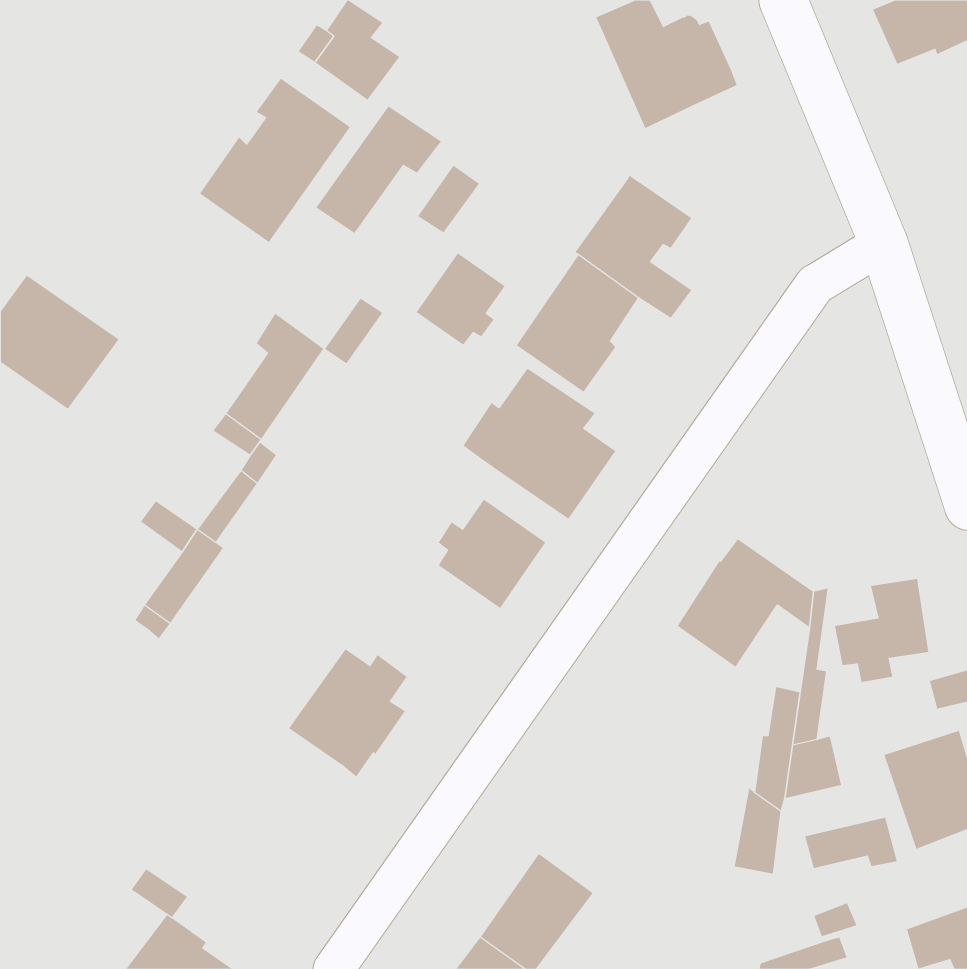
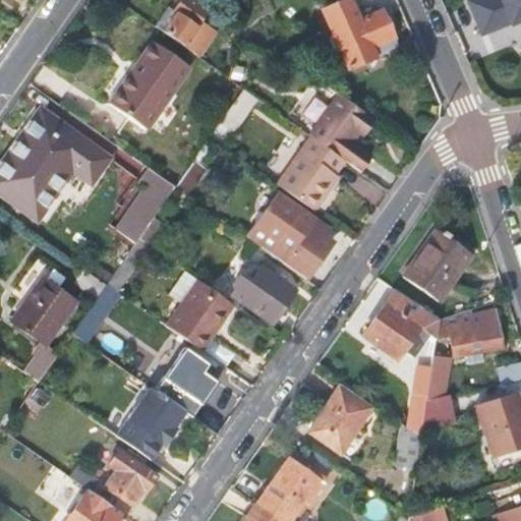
building: [315,106,442,234] -> none
building: none -> [15,111,110,184]
building: [416,253,505,346] -> none
building: none -> [409,230,474,300]
building: none -> [10,277,74,382]
building: none -> [166,279,234,350]
building: none -> [309,386,371,451]
building: none -> [117,387,185,460]
building: [805,817,898,869] -> none
building: none -> [106,451,158,507]

